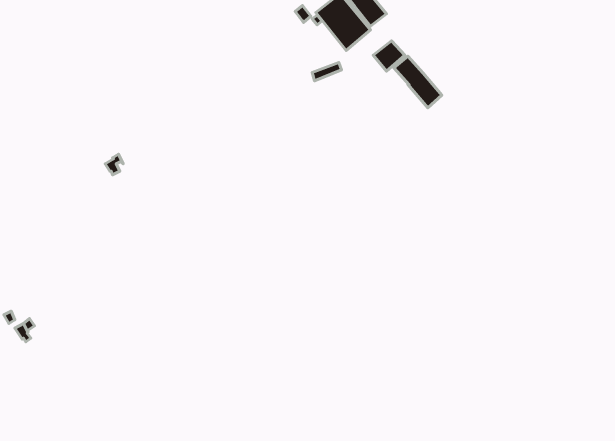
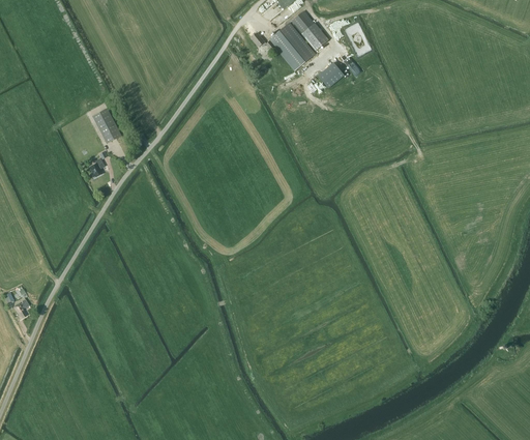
building: [394,56,442,108] -> none
building: none -> [92,108,122,143]

